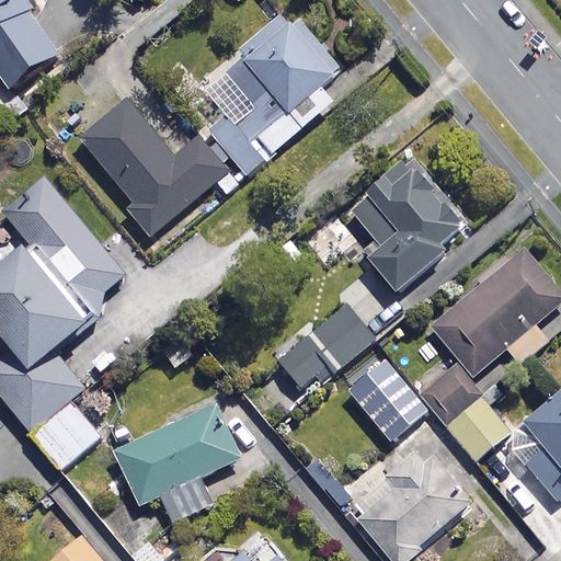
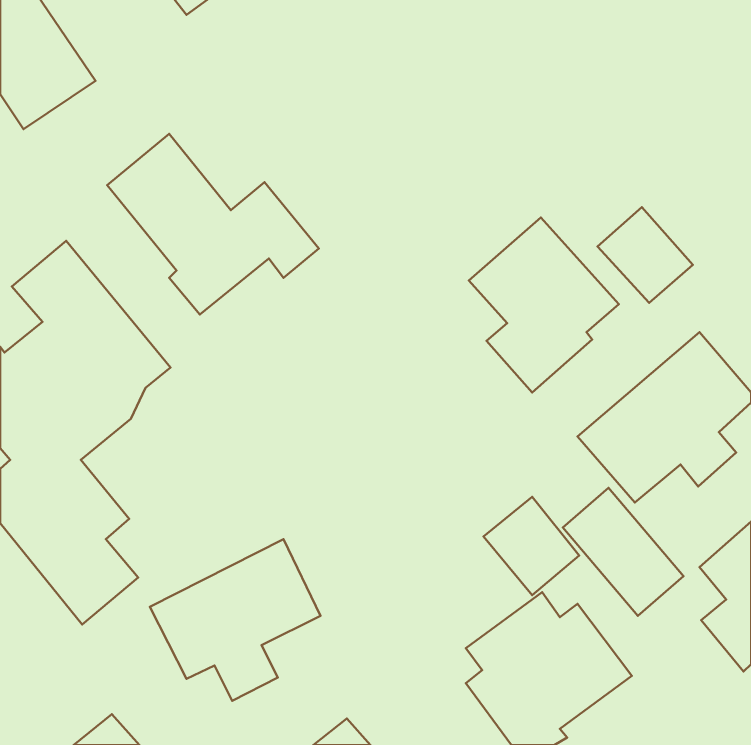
building: [208,13,335,176] -> none
building: none -> [598,207,693,303]
building: [275,302,370,388] -> none

